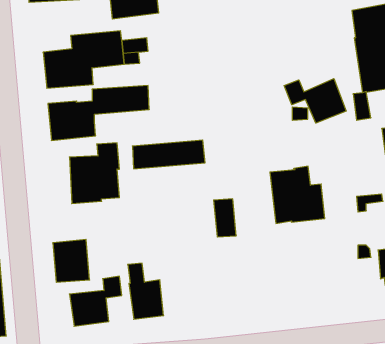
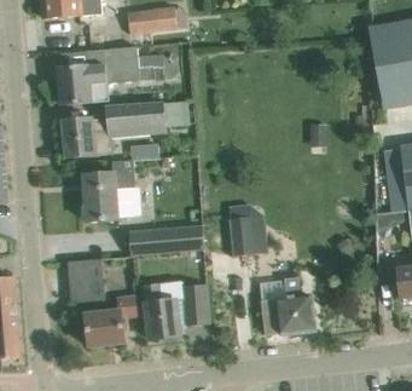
building: [284,79,346,123] -> none
building: [132,140,205,169] -> [129,225,203,254]
building: [270,166,325,223] -> [259,276,314,334]
building: none -> [181,283,209,326]

